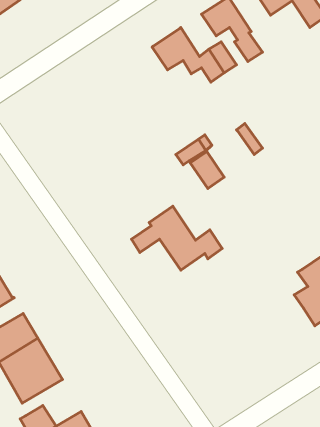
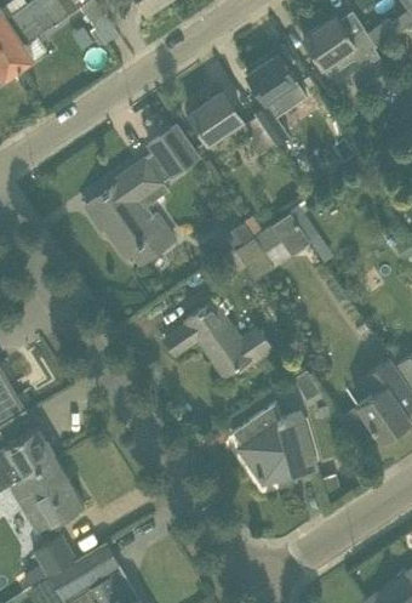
building: none -> [85,126,200,264]
building: none -> [270,214,310,257]
building: none -> [231,403,316,484]

